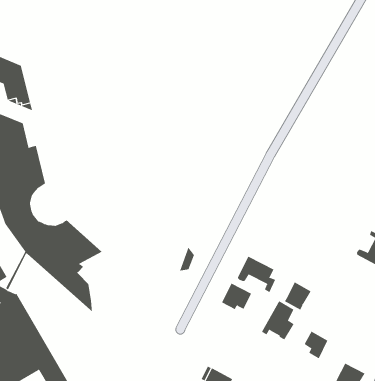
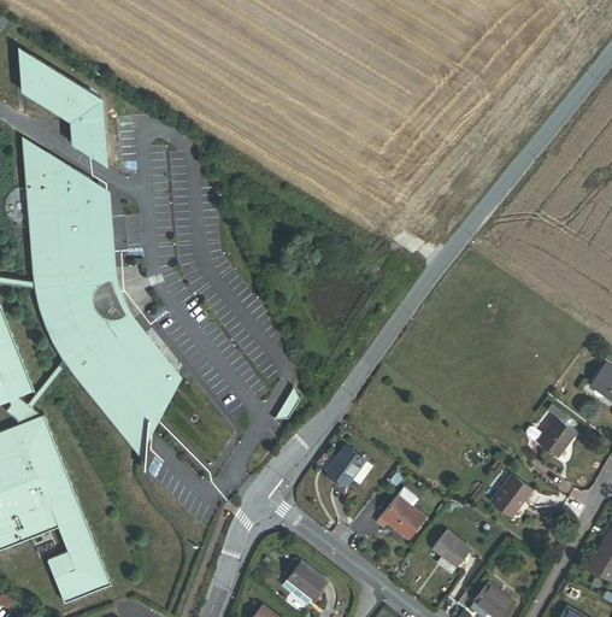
building: none -> [83,180,182,442]
building: [237,256,276,293] -> none
building: [284,282,311,311] -> none
building: none -> [490,476,530,516]

